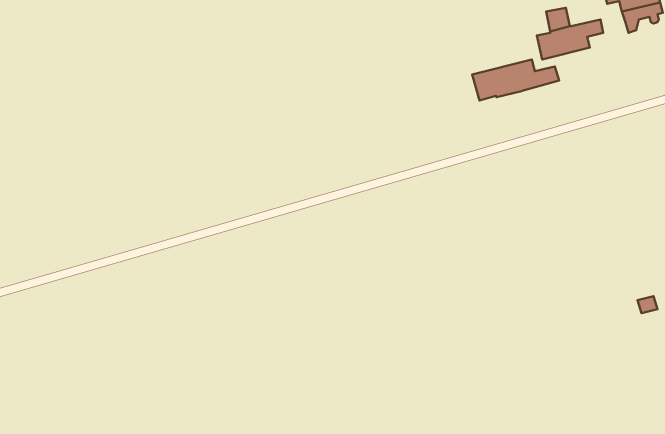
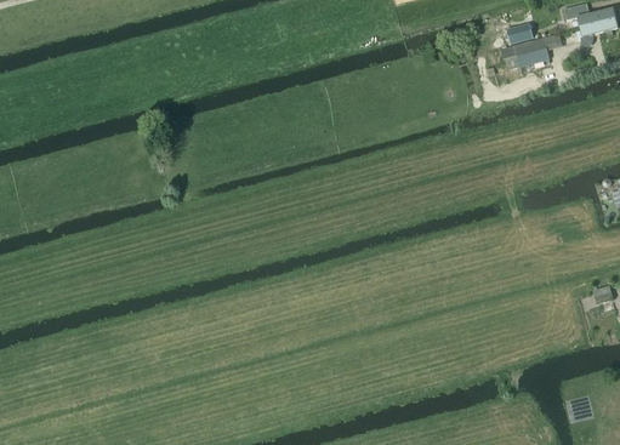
building: [472,60,559,101] -> none

